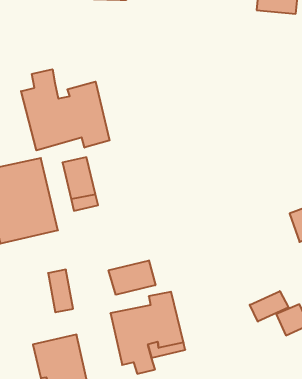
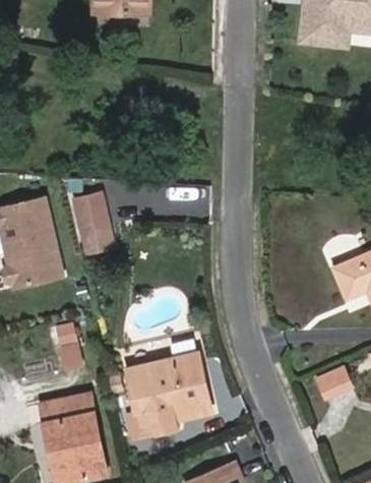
building: [21,69,110,150] -> none
building: [109,260,155,295] -> none
building: [250,291,289,322] -> none

